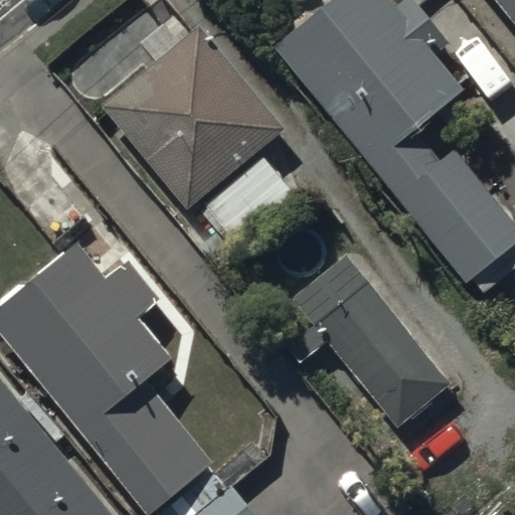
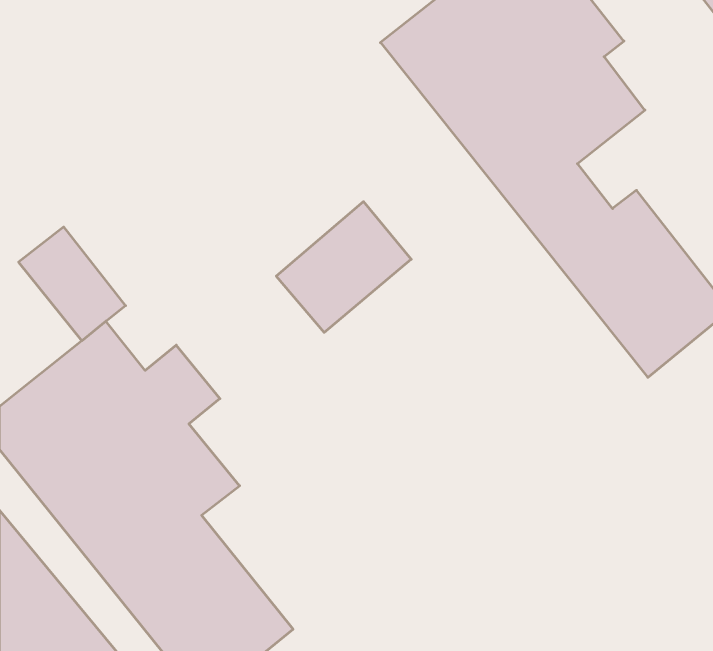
building: [100,24,282,207] -> none
building: [287,252,451,428] -> none

